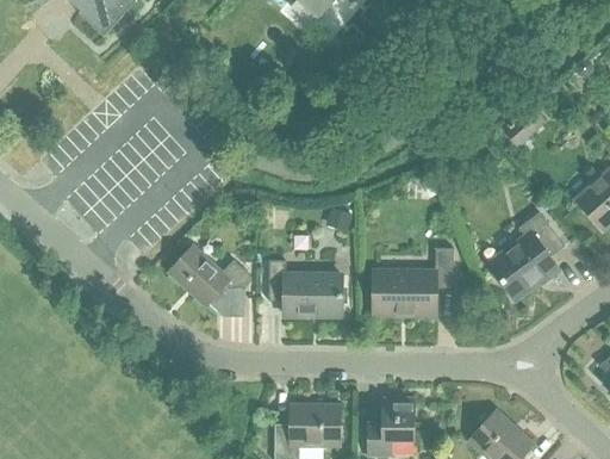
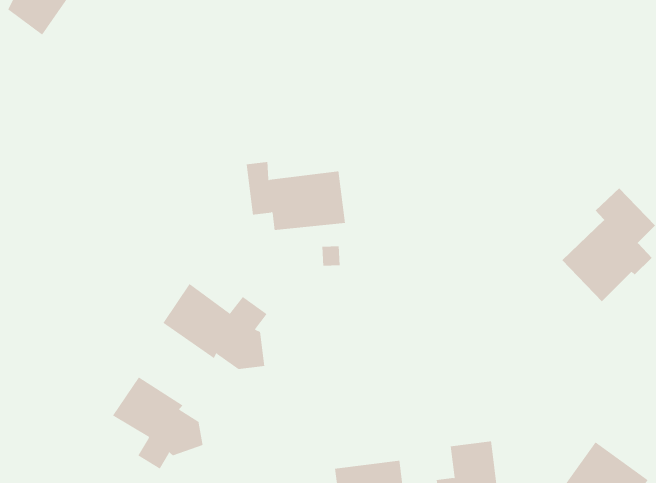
building: [373,248,453,316] -> none
building: [268,260,341,316] -> [246,161,346,231]
building: none -> [112,376,203,469]

